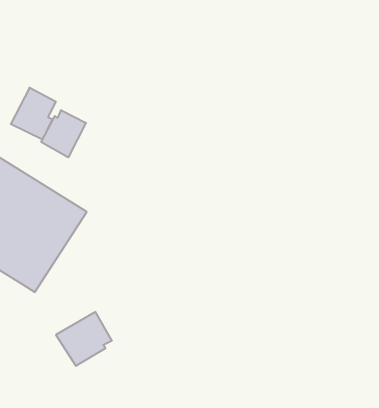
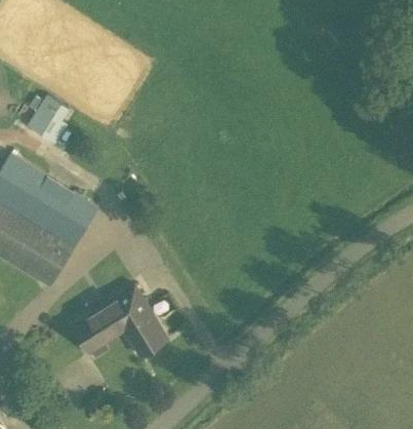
building: [41,110,86,157] -> none
building: none -> [107,285,167,357]

